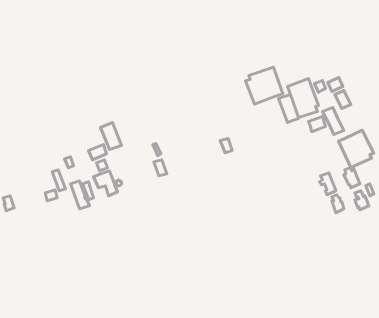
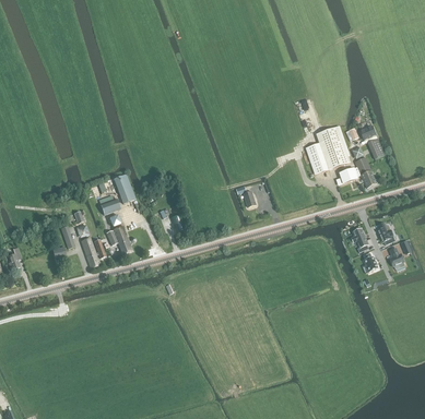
building: [245,67,283,104] -> none
building: [339,130,374,168] -> none

